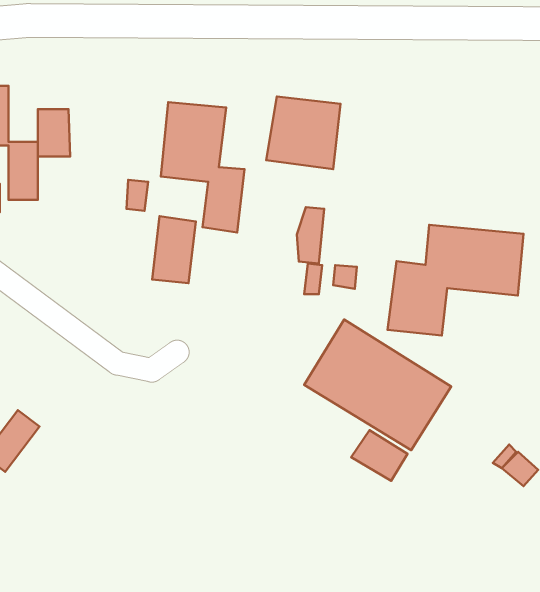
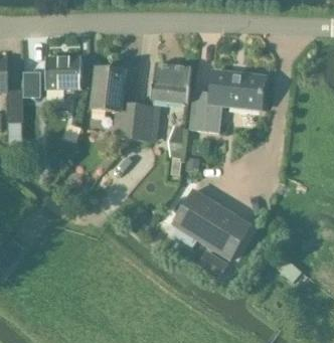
building: none -> [45,56,80,89]
building: [152,216,196,283] -> [133,104,157,141]
building: [387,225,523,335] -> [188,70,264,132]

